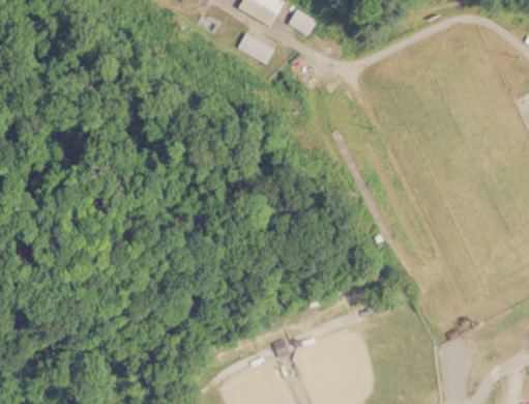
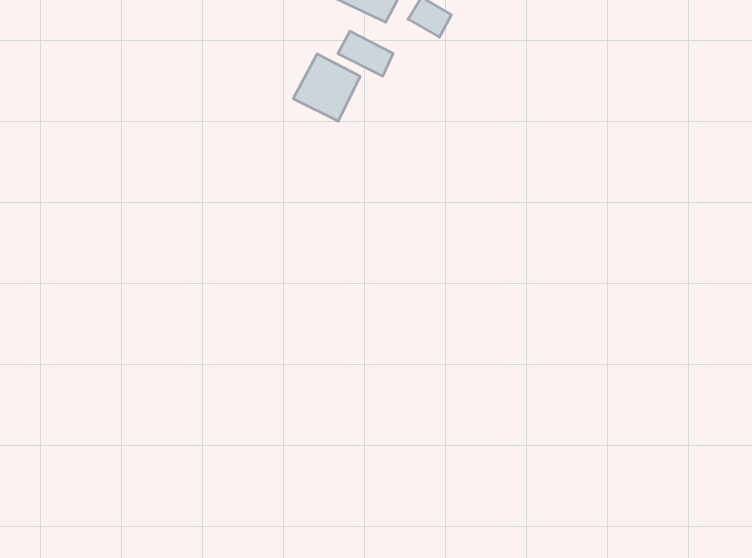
building: none -> [293,54,360,121]

